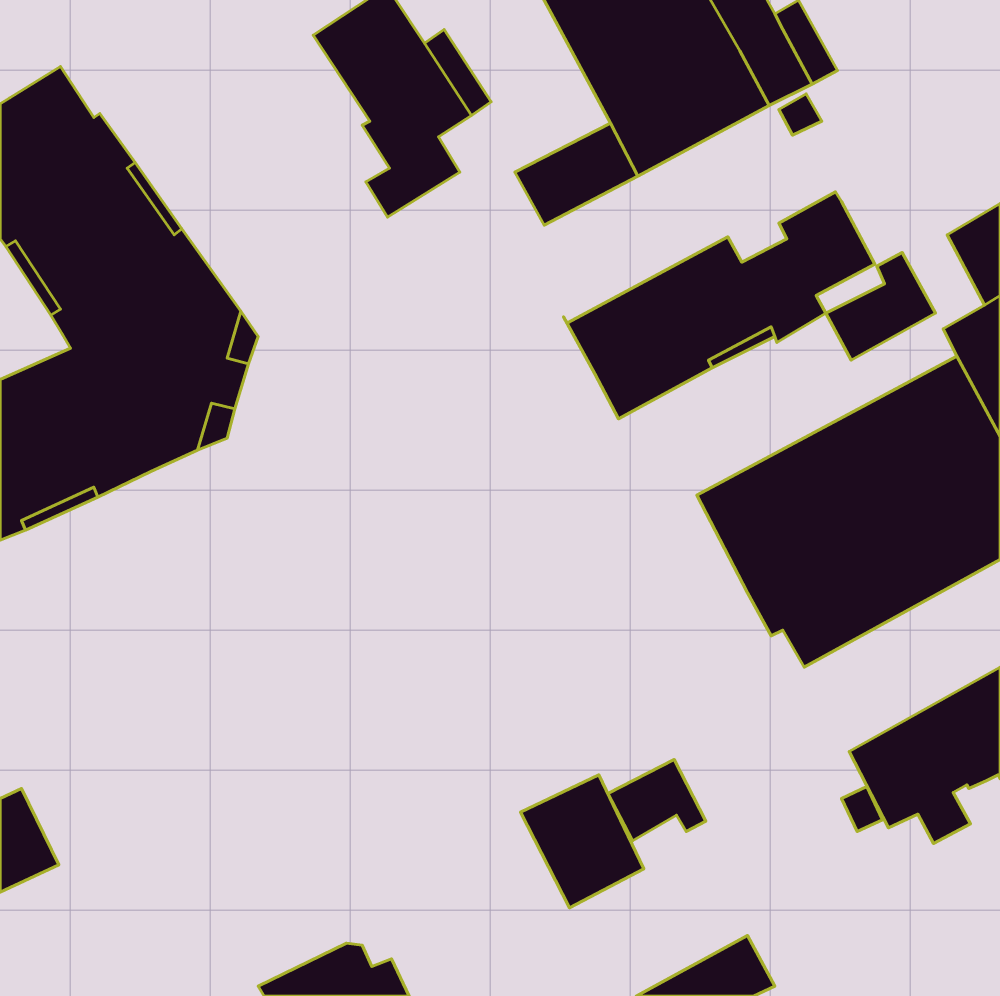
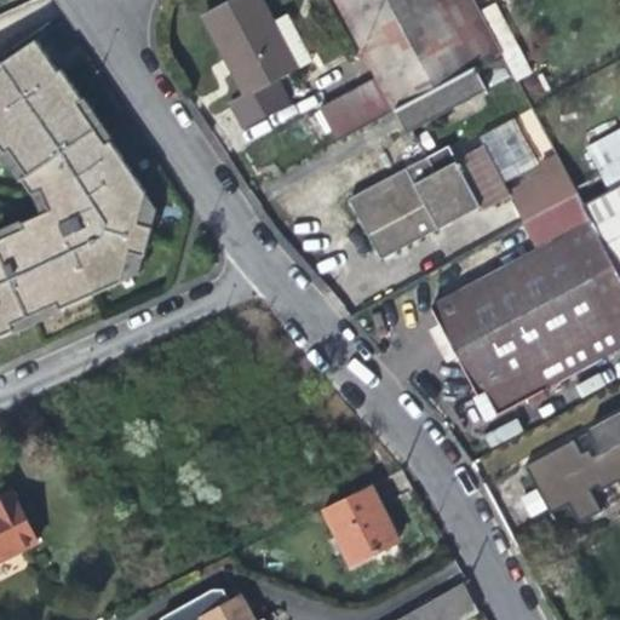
building: none -> [395,65,488,132]
building: none -> [527,194,592,248]
building: [608,760,706,841] -> none

